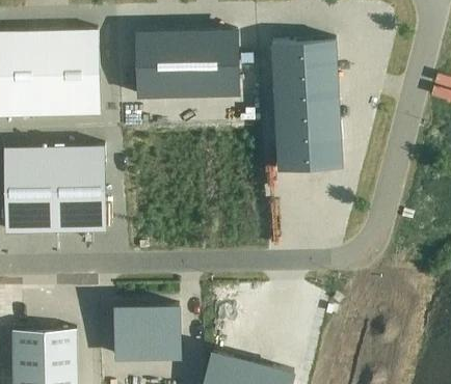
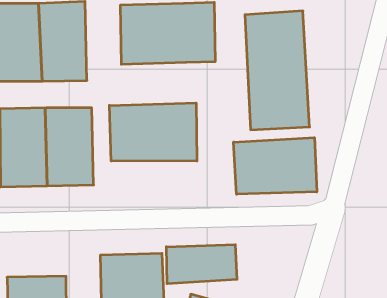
building: none -> [109,103,197,161]
building: none -> [234,138,317,194]
building: none -> [166,245,237,284]

